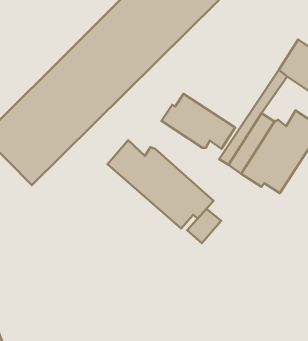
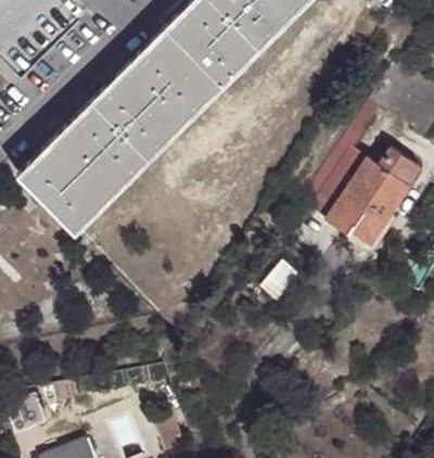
building: [162,94,235,149] -> none
building: [107,140,214,229] -> none

